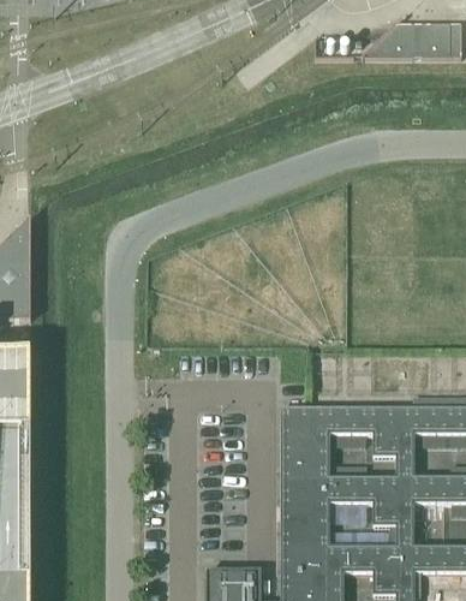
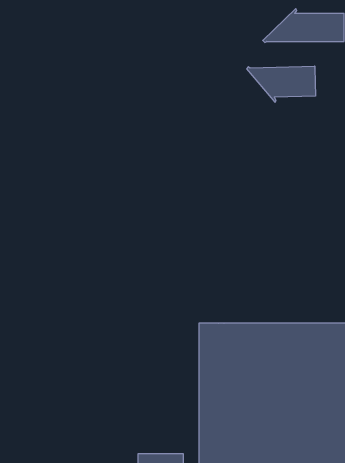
building: none -> [247,66,315,102]

